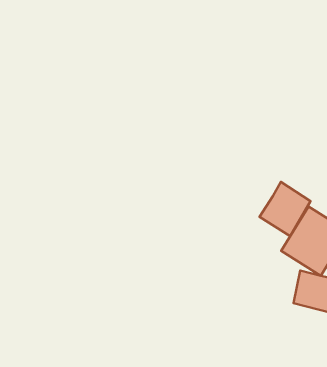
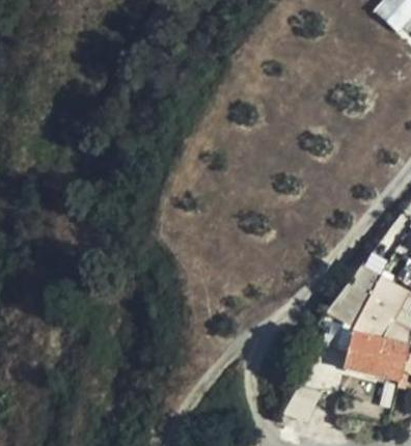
building: [259,182,311,236] -> none

